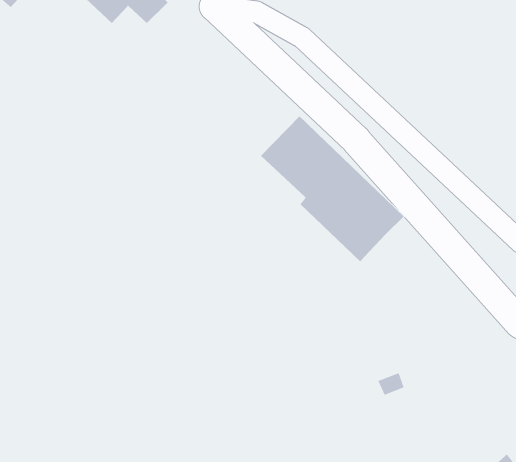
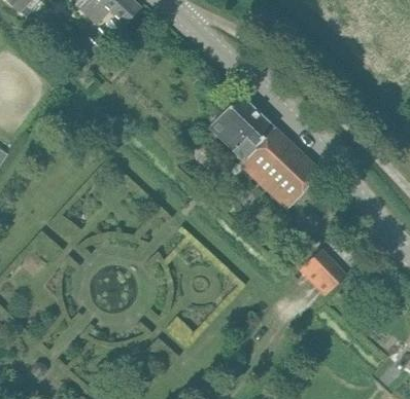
building: none -> [300,250,346,296]

